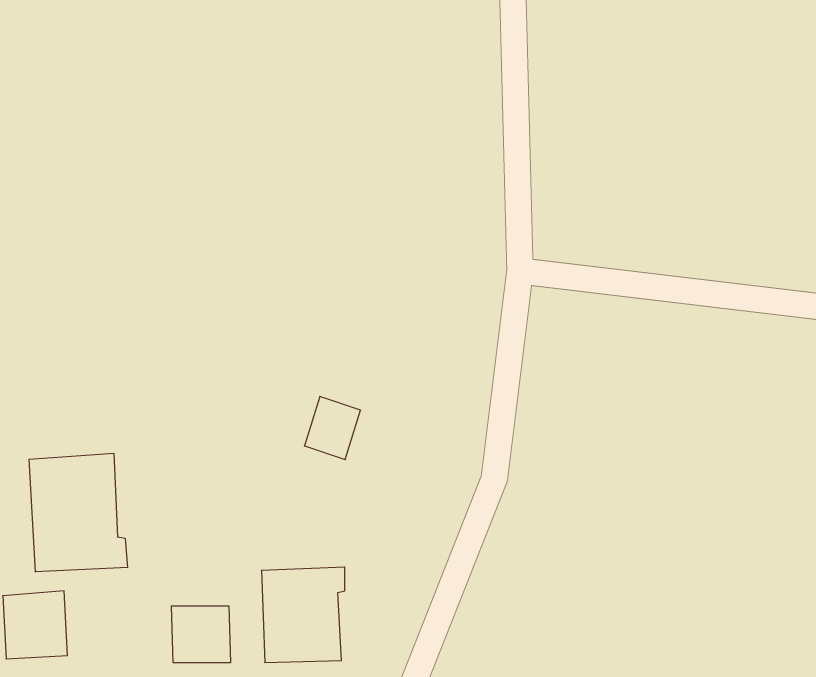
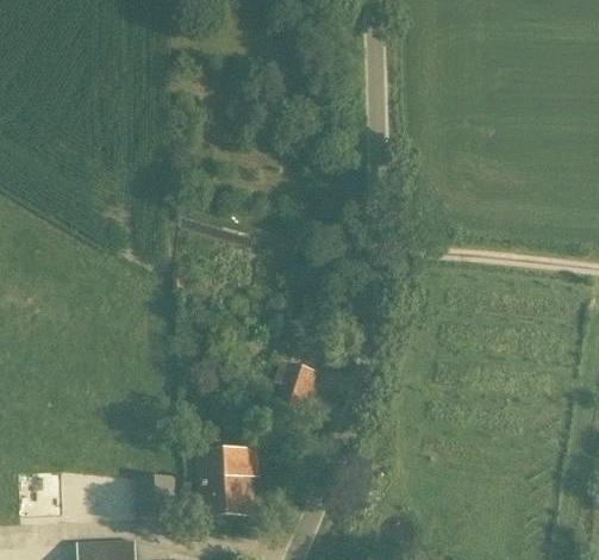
building: [304,397,361,460] -> [276,369,316,413]
building: [29,453,128,572] -> none

